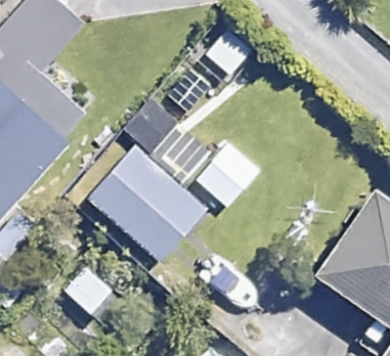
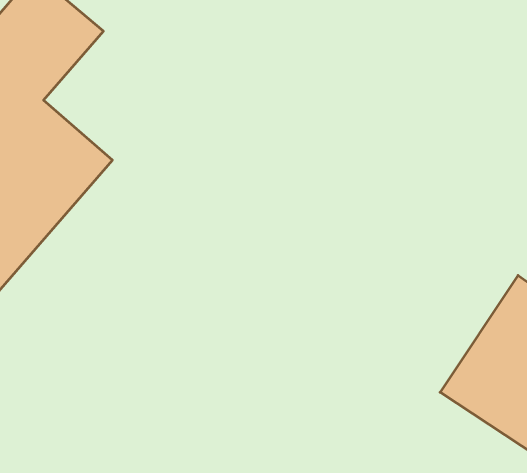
building: [84,137,211,263] -> none

